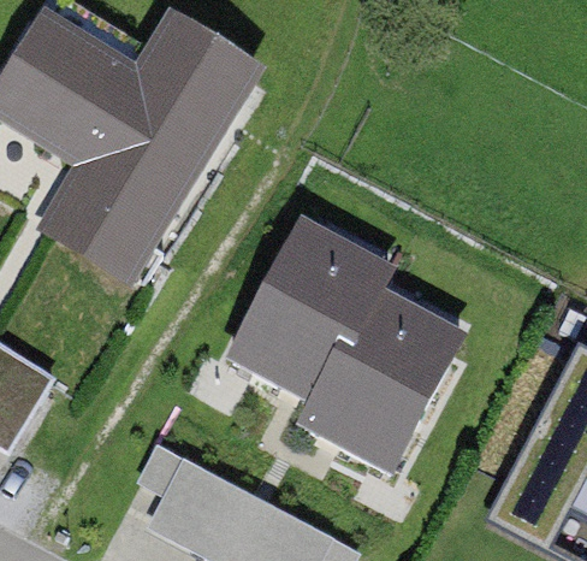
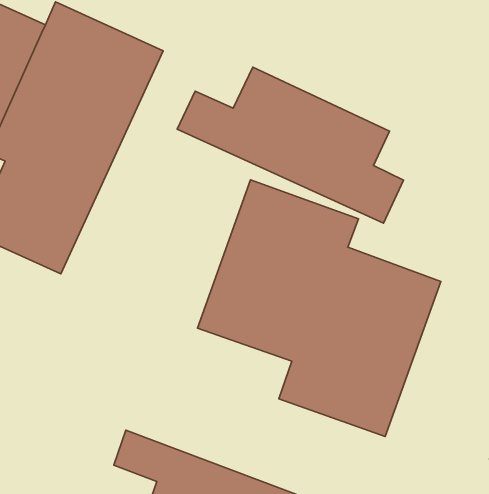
building: none -> [177,67,403,223]

